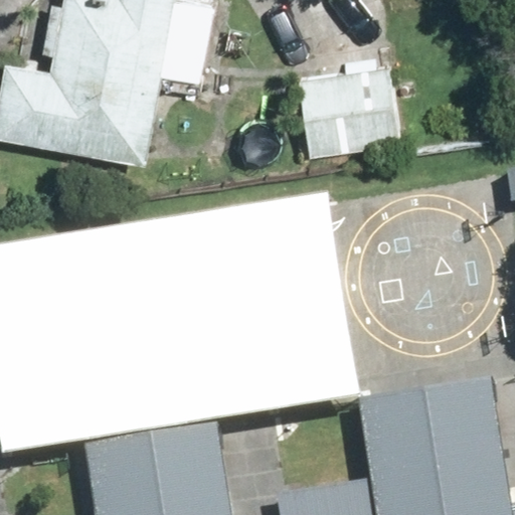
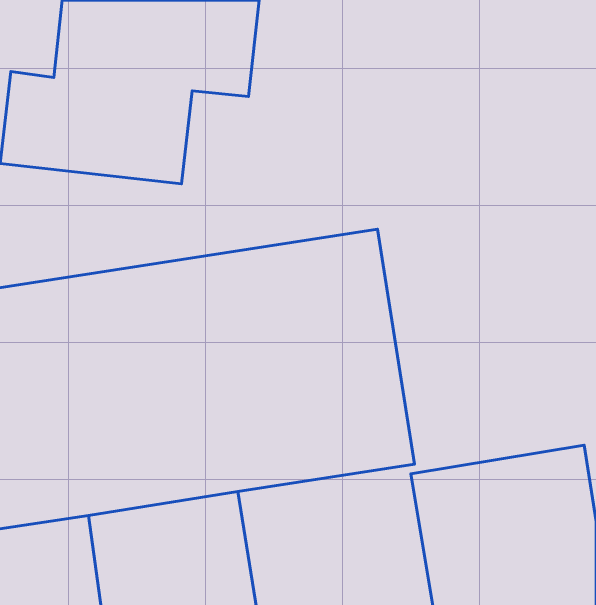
building: [298,70,407,162] -> none

